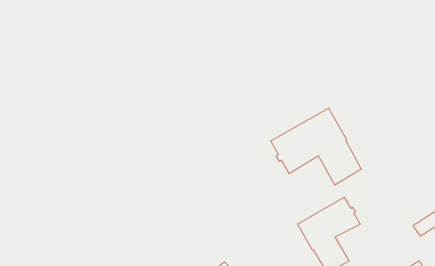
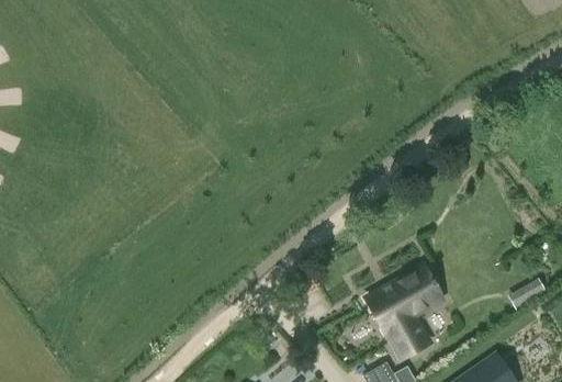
building: [271,108,361,185] -> none

